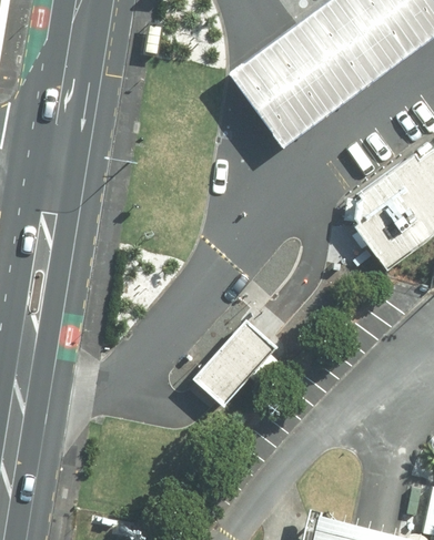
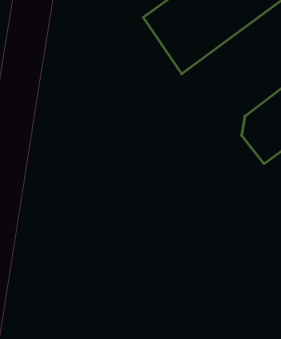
building: [192,320,274,406] -> none

